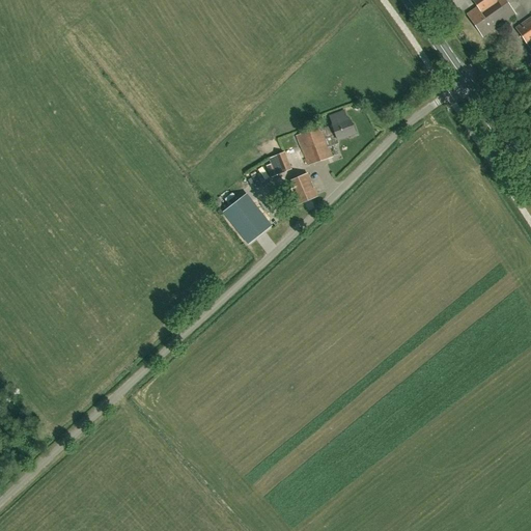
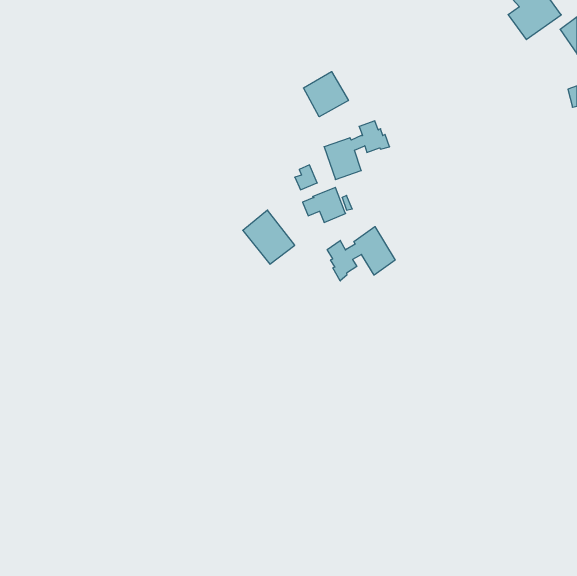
building: none -> [303,72,348,117]
building: none -> [327,227,395,281]

